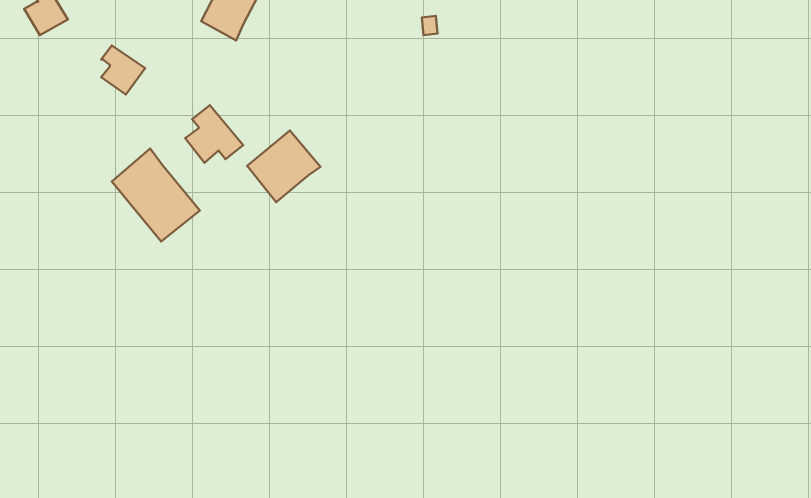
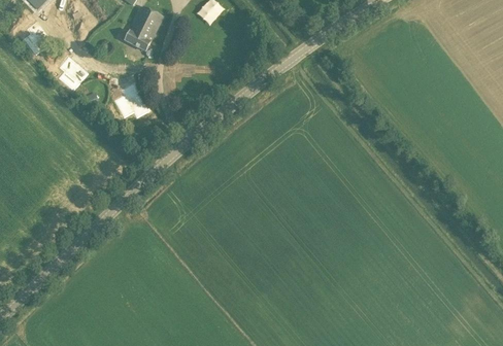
building: [247,131,321,202] -> none
building: [112,149,200,242] -> none

